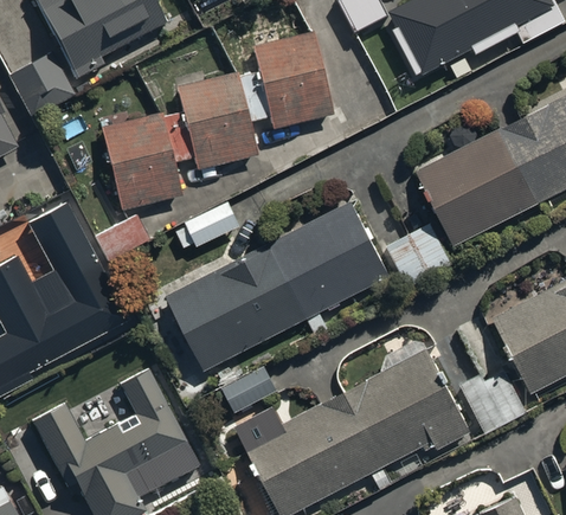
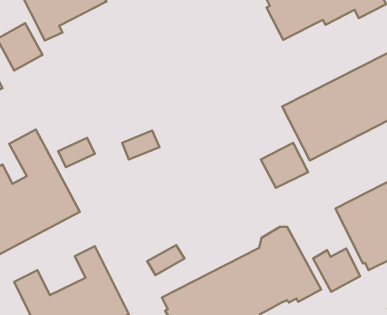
building: [101,31,335,210] -> none
building: [166,202,387,371] -> none

